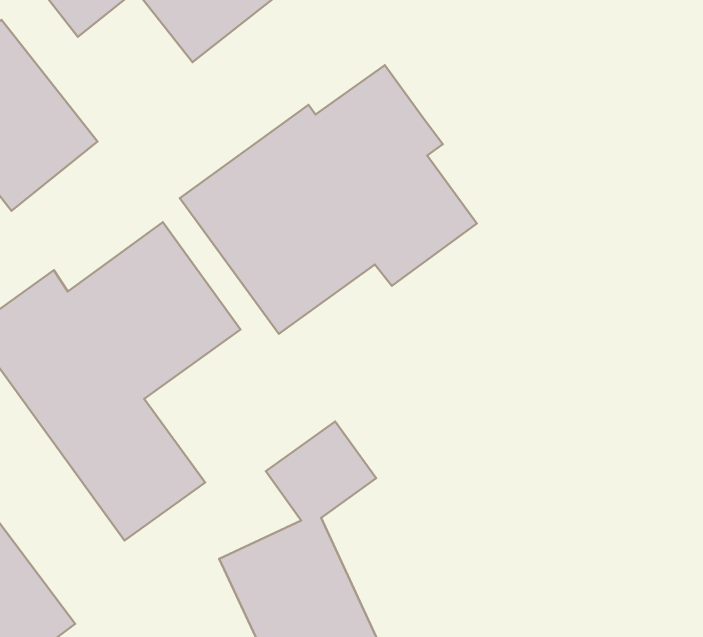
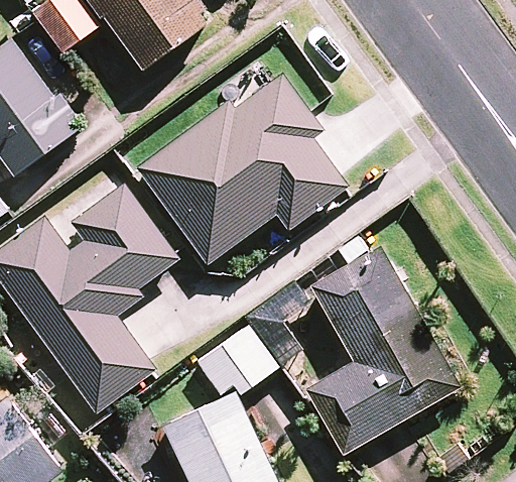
building: none -> [305,246,462,454]

